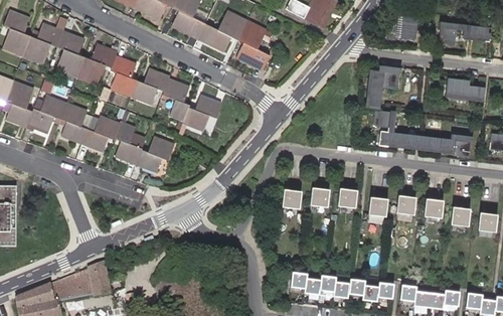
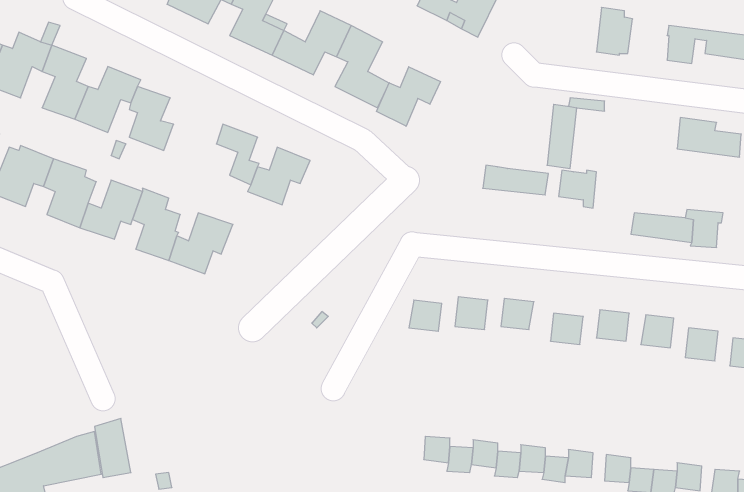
building: none -> [376,67,441,126]
building: [132,70,169,106] -> none
building: [379,131,420,149] -> [483,165,548,195]

